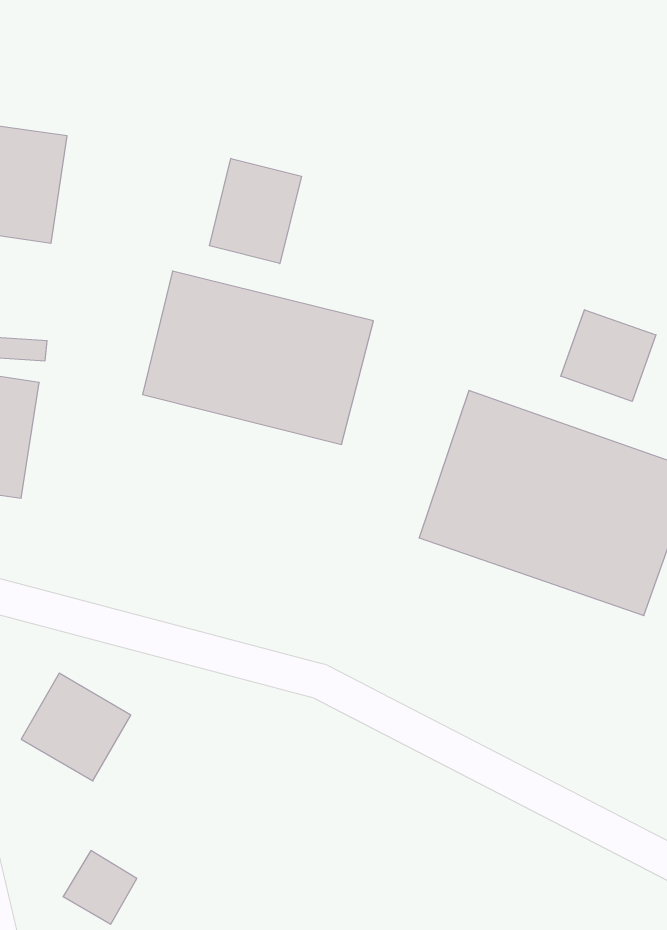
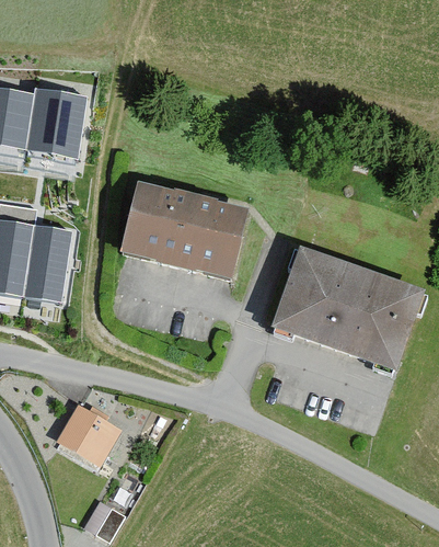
building: [209,158,301,264] -> none
building: [561,310,656,401] -> none

